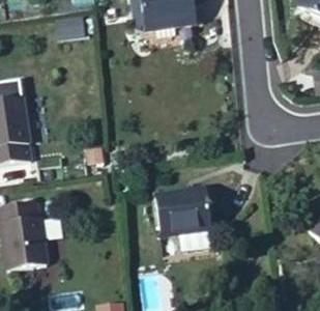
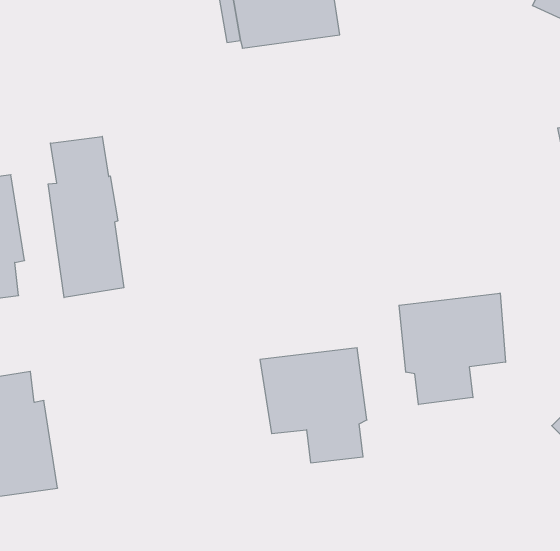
building: none -> [48,136,124,298]
building: none -> [399,293,506,405]

